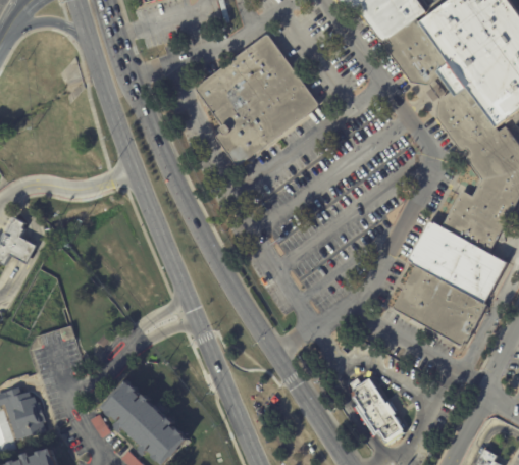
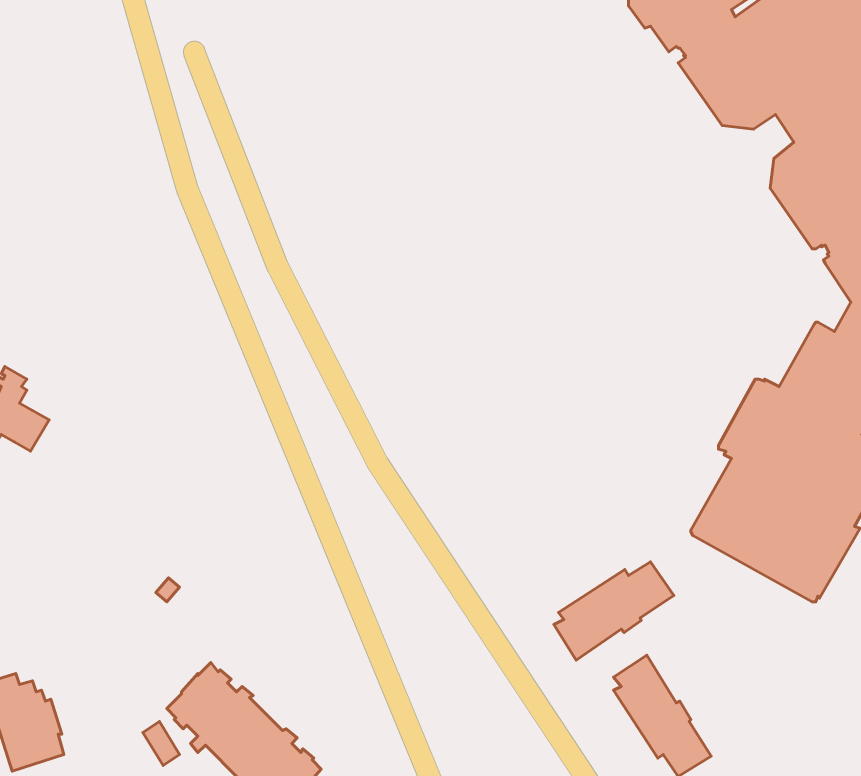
building: [195,34,318,165] -> none
building: none -> [554,562,674,660]

